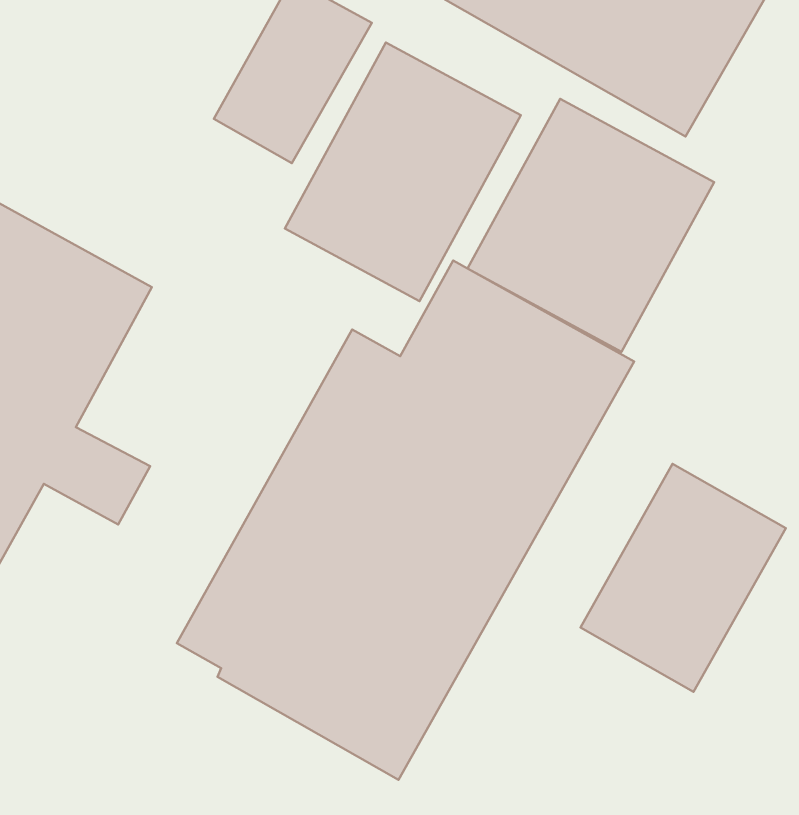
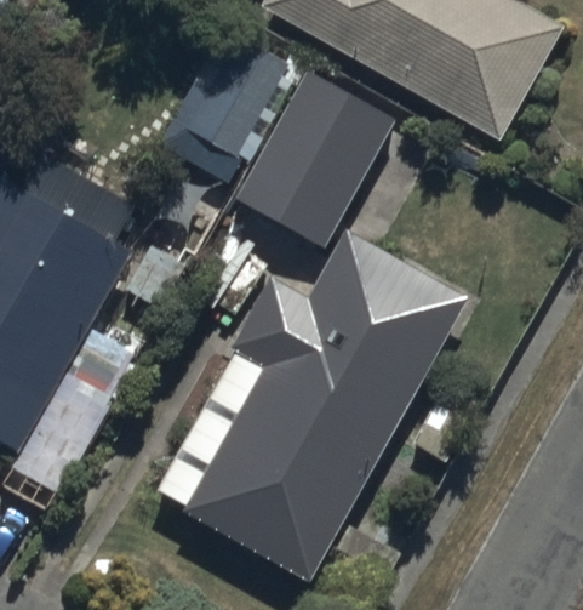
building: [468,99,714,352] -> none
building: [580,464,786,692] -> none

